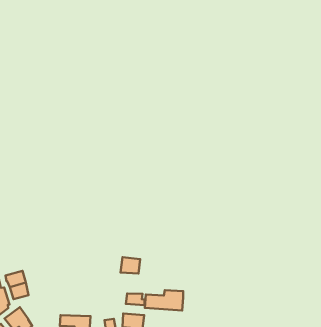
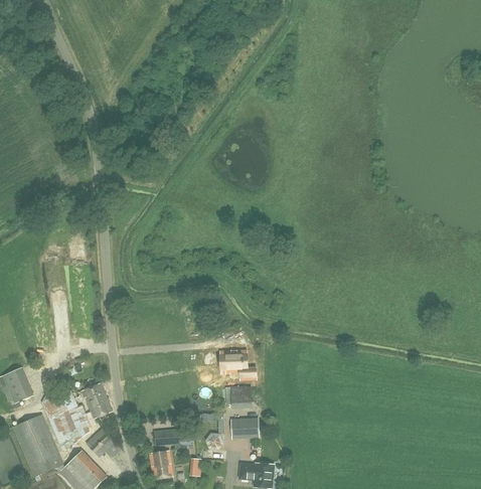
building: [145,290,183,311] -> none

